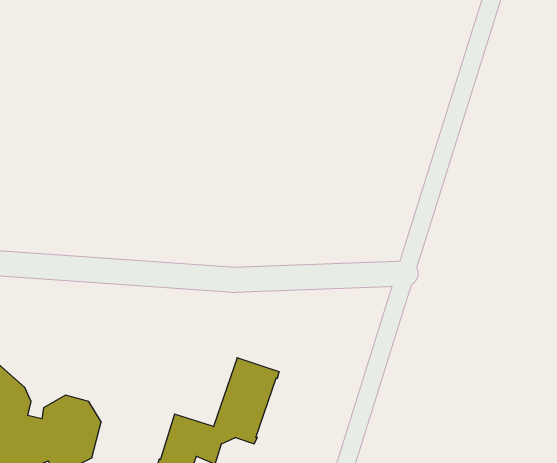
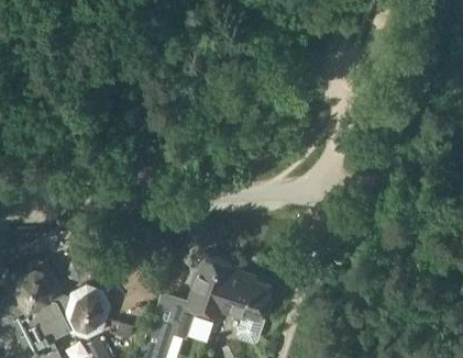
building: none -> [219,273,272,325]

